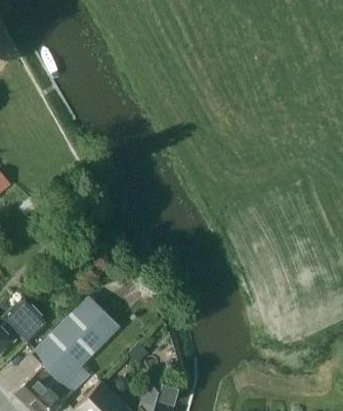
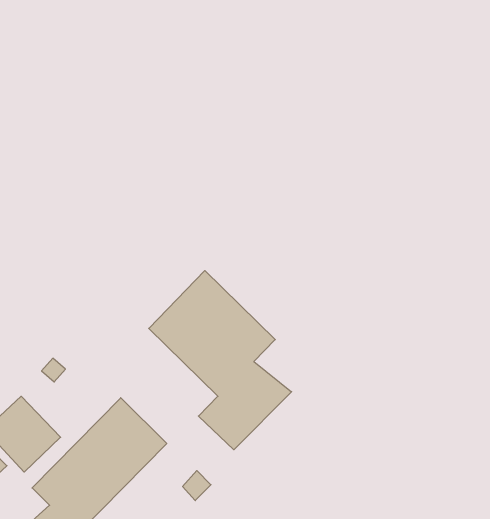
building: none -> [149,271,292,450]

